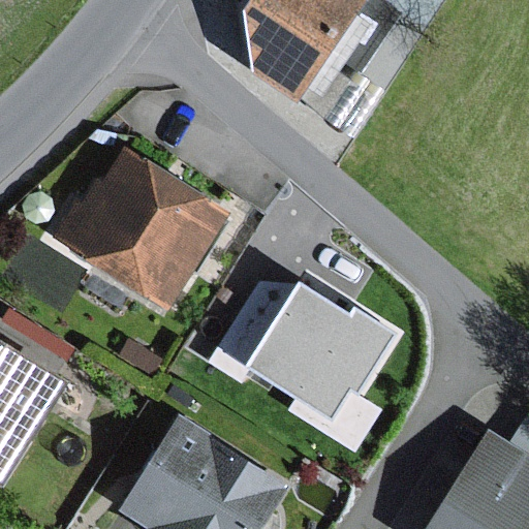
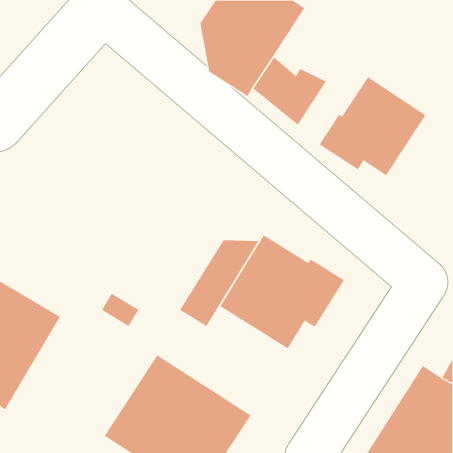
building: none -> [319,76,426,176]
building: [46,144,240,321] -> none

